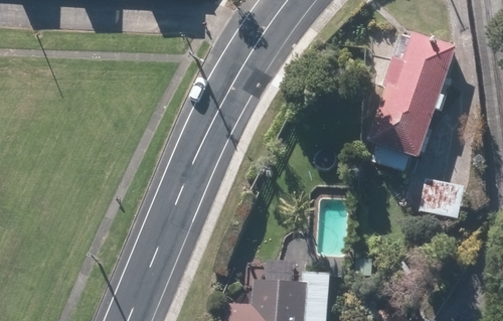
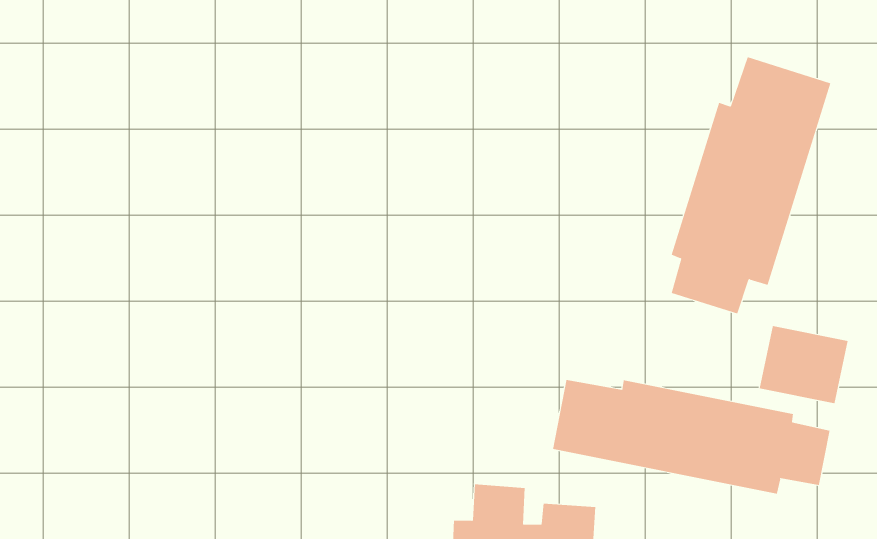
building: none -> [553,379,830,494]

